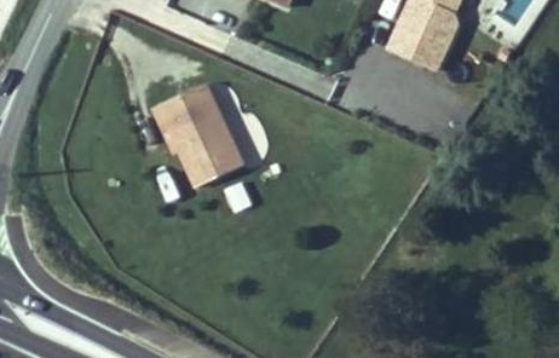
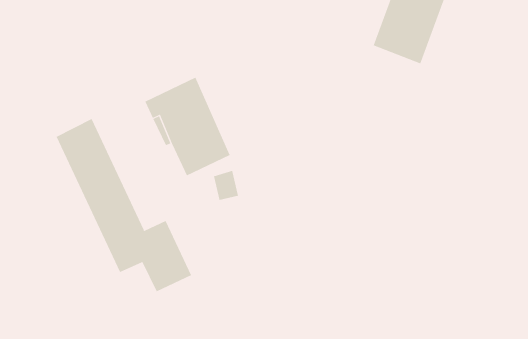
building: none -> [56,118,192,292]

